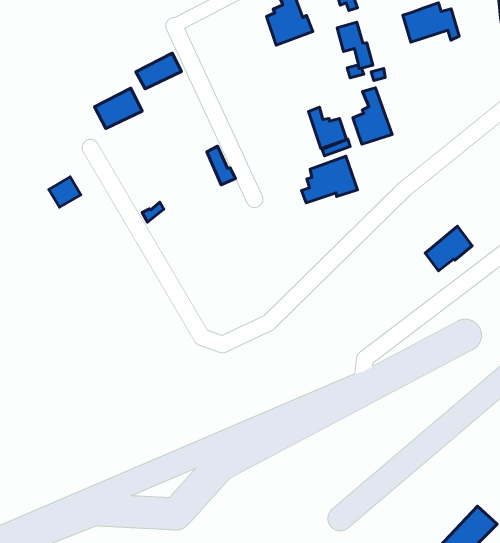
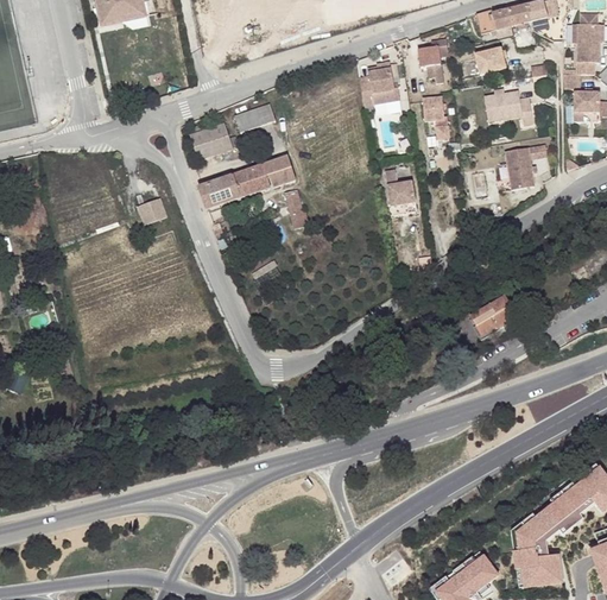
building: none -> [506,144,548,189]
building: [353,88,392,144] -> none
building: none -> [197,154,296,209]
building: [302,156,357,203] -> none

